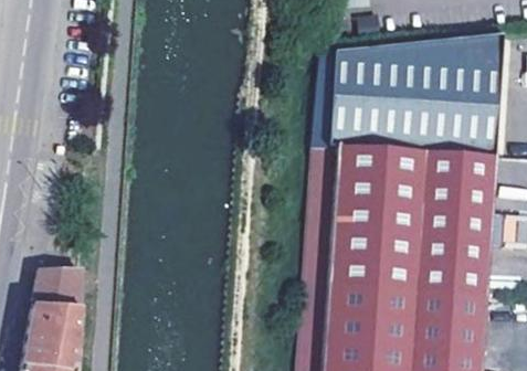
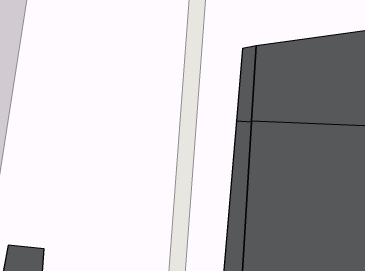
building: [38,268,84,309] -> none

